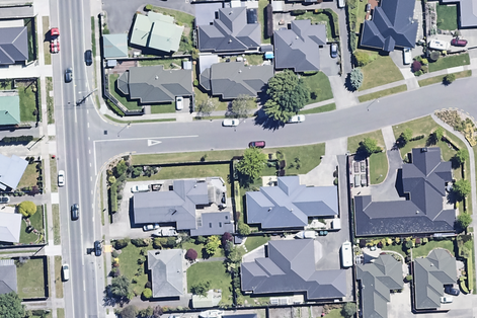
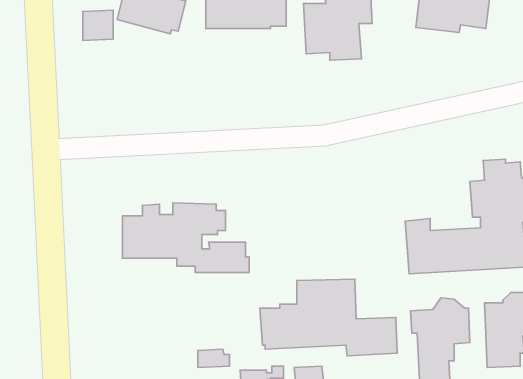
building: [200,61,272,97] -> none
building: [117,63,192,102] -> none
building: [245,176,336,228] -> none
building: [148,249,183,297] -> none

